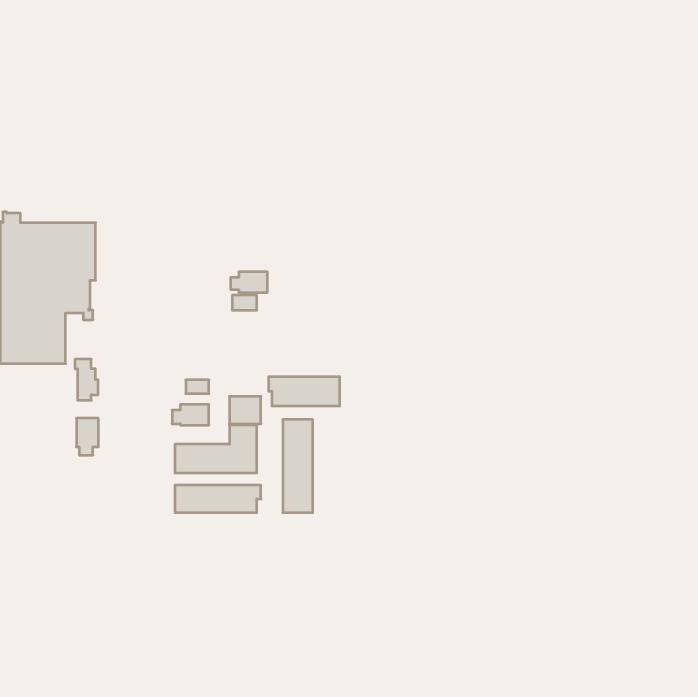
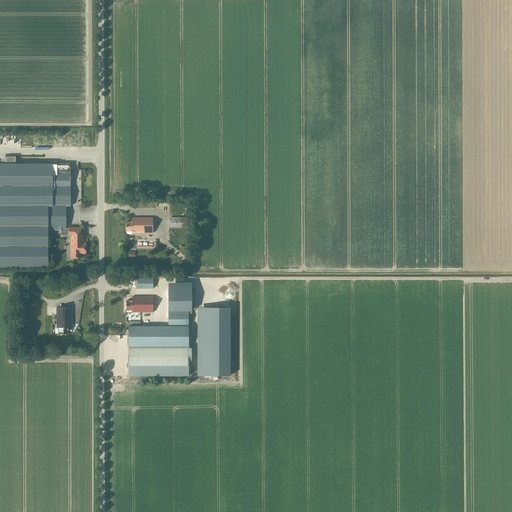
building: [231,272,267,292] -> [125,217,152,232]
building: [75,359,98,400] -> [68,227,85,257]
building: [269,377,340,406] -> none

